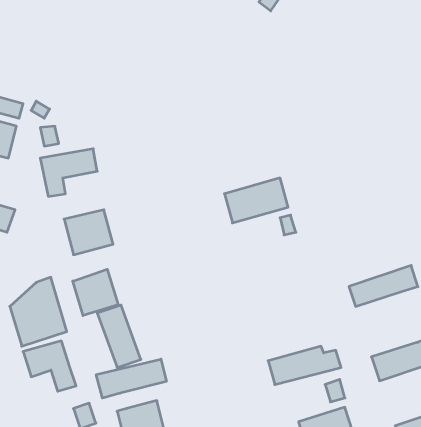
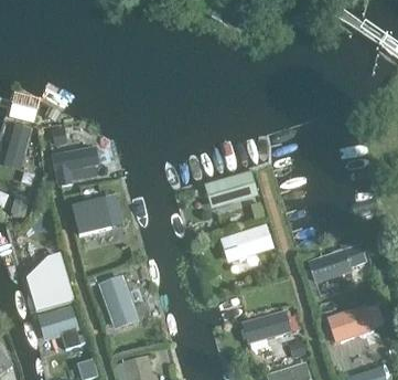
building: none -> [220,223,273,262]
building: [73,269,118,316] -> none
building: [96,359,166,398] -> none

